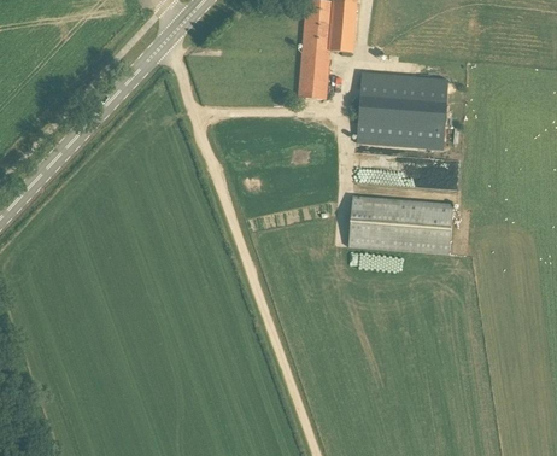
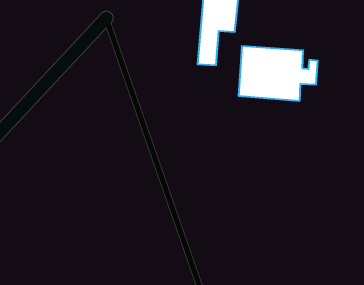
building: [348,194,453,252] -> none

